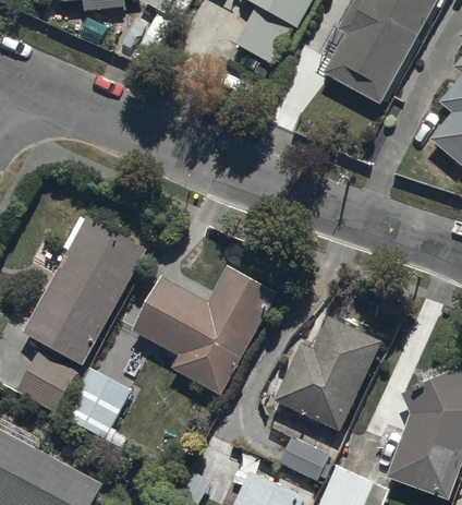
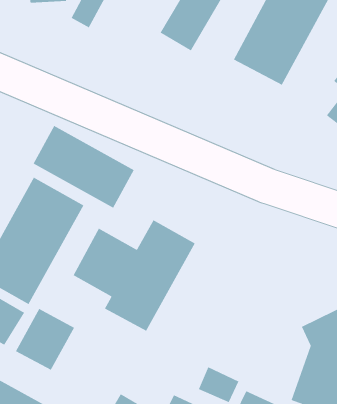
building: none -> [33,125,135,209]
building: [271,312,382,432] -> none

